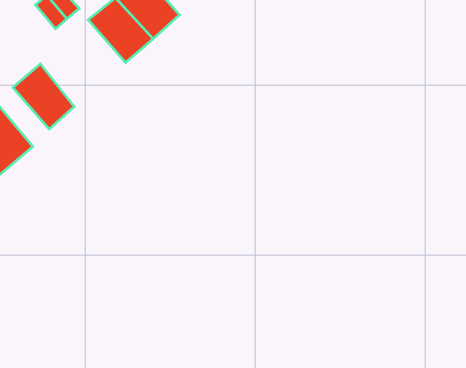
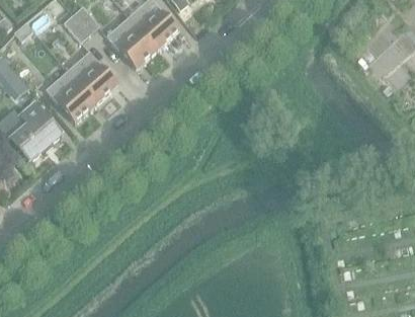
building: none -> [66,50,116,103]

